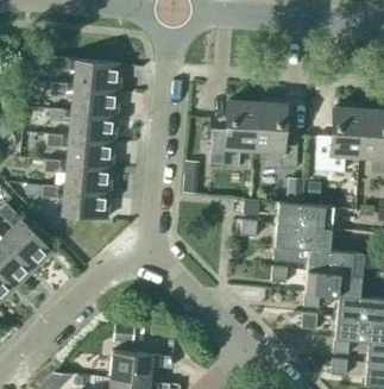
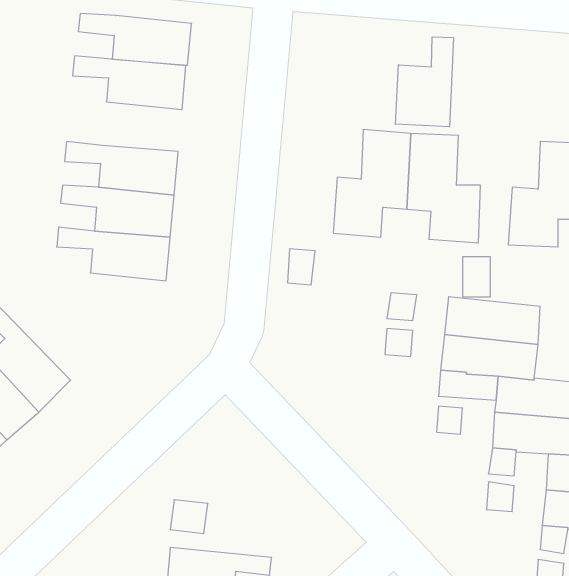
building: none -> [395,37,453,127]
building: [51,83,119,114] -> [78,14,192,65]
building: [42,186,109,219] -> none

